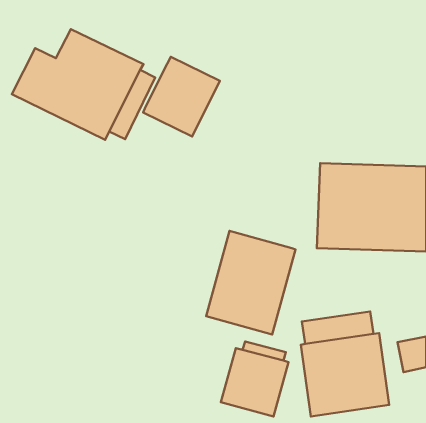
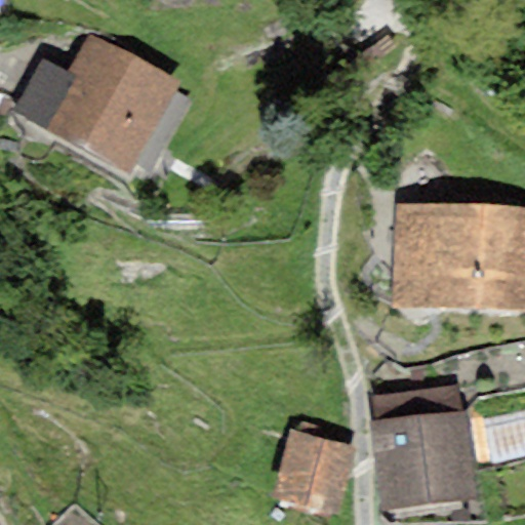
building: [143,57,220,136] -> none
building: [206,231,295,335] -> none

